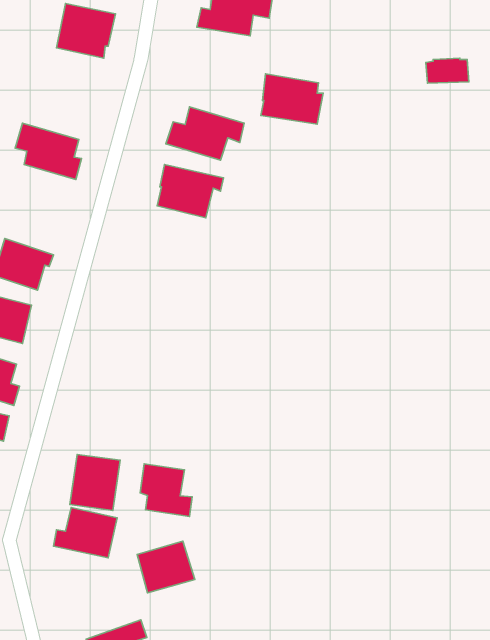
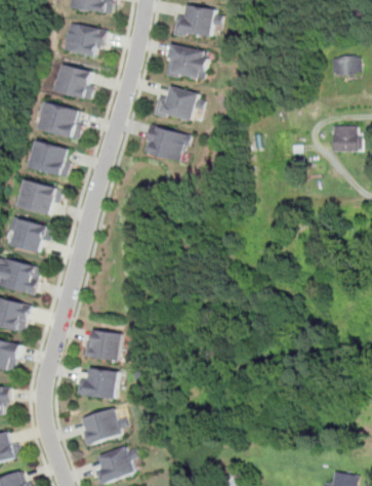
building: none -> [58,63,98,99]
building: [261,74,323,124] -> [158,47,201,82]
building: none -> [326,125,358,151]
building: none -> [37,139,76,176]
building: [140,464,192,516] -> none
building: [137,541,195,593] -> [72,409,112,445]

